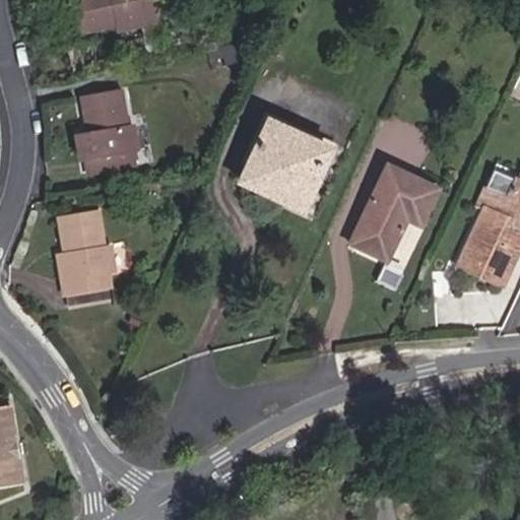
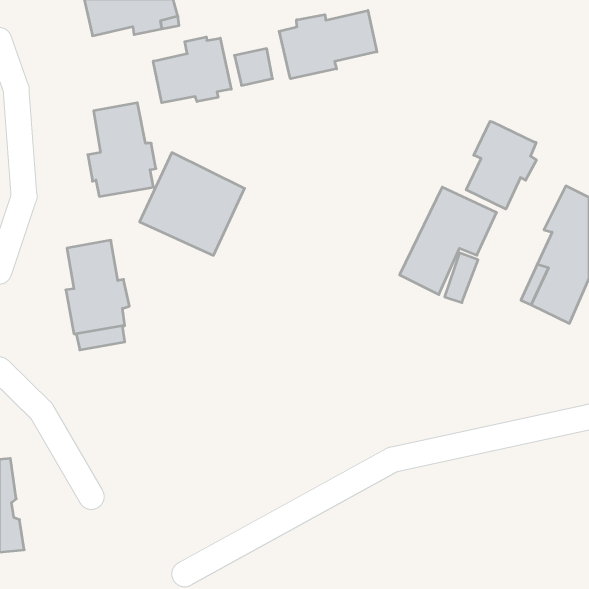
building: none -> [279,10,377,79]
building: none -> [153,37,231,103]
building: none -> [466,121,536,209]
building: [239,120,331,210] -> [140,153,245,255]

